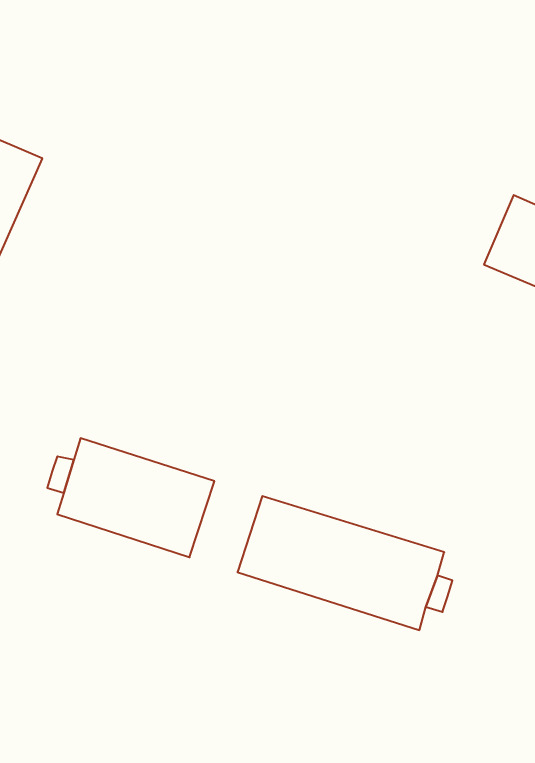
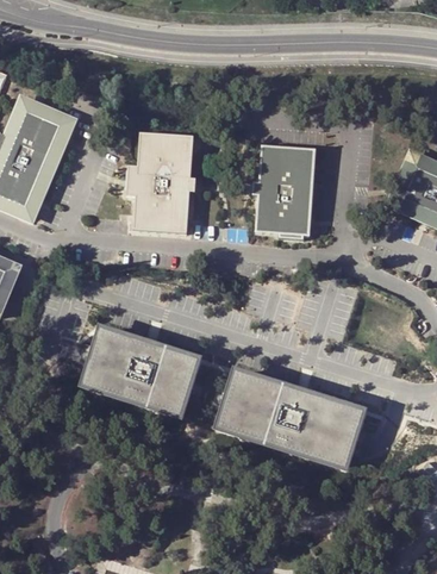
building: none -> [126,131,198,232]
building: none -> [257,144,317,233]

